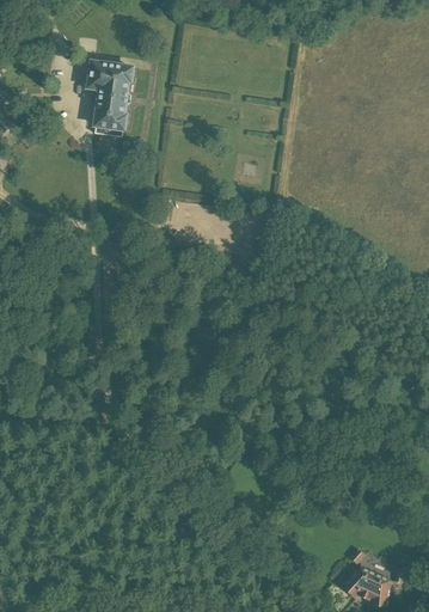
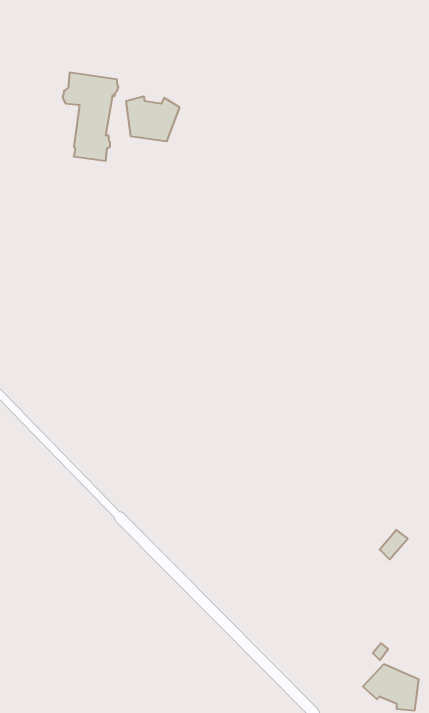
building: none -> [126,96,179,141]

